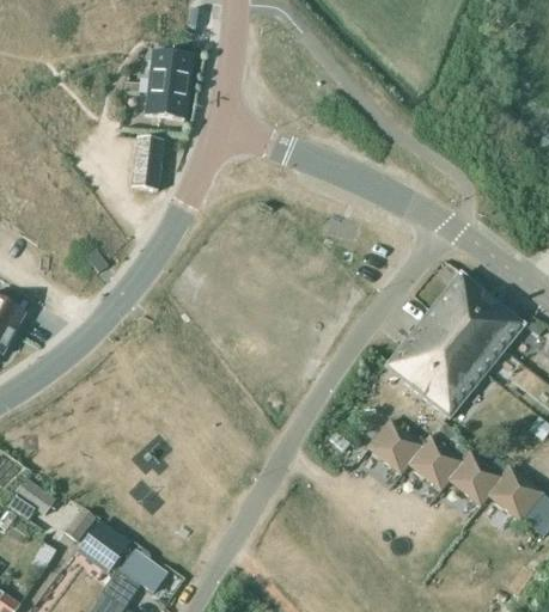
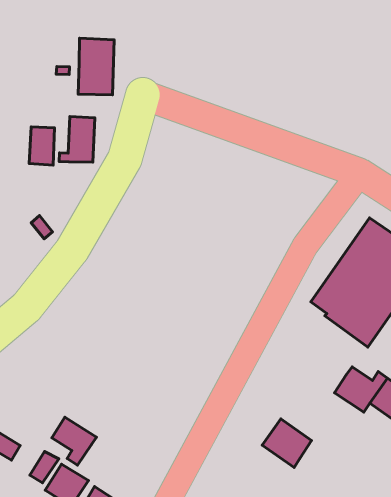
building: none -> [29,127,54,165]
building: [367,418,422,473] -> [262,419,311,468]
building: none -> [52,417,97,465]

